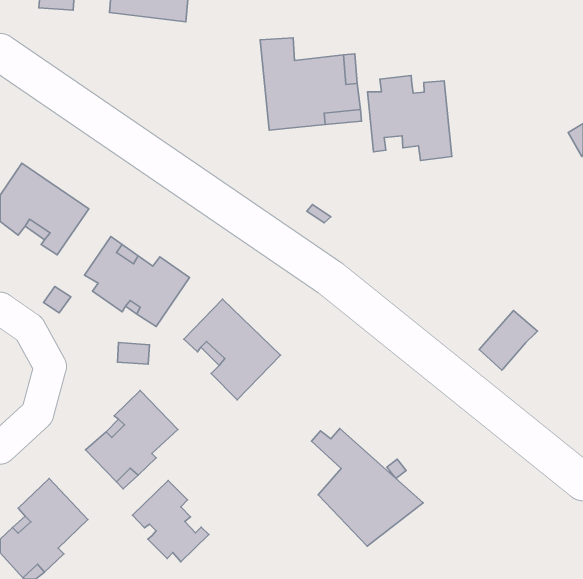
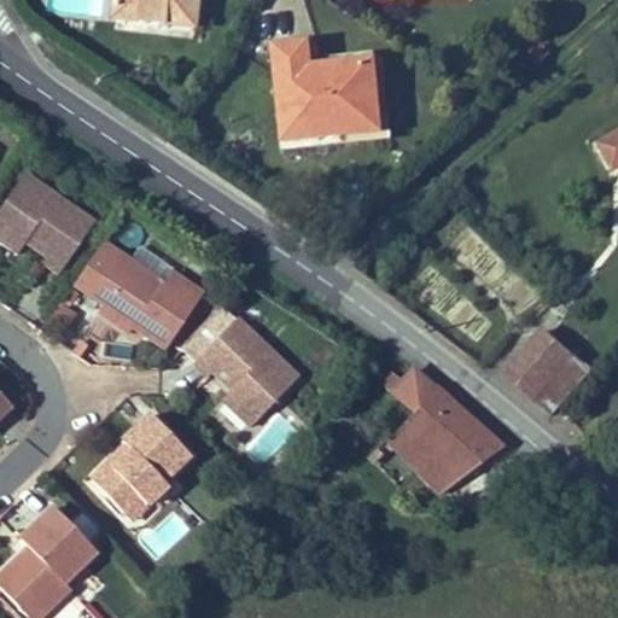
building: [368,75,452,160] -> none
building: none -> [532,352,588,412]
building: [311,429,423,546] -> [383,366,501,490]
building: [133,481,209,562] -> none

